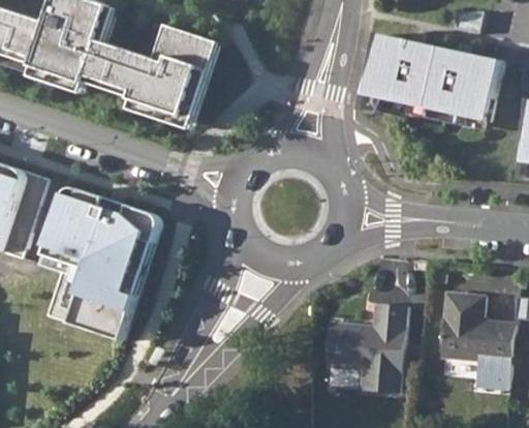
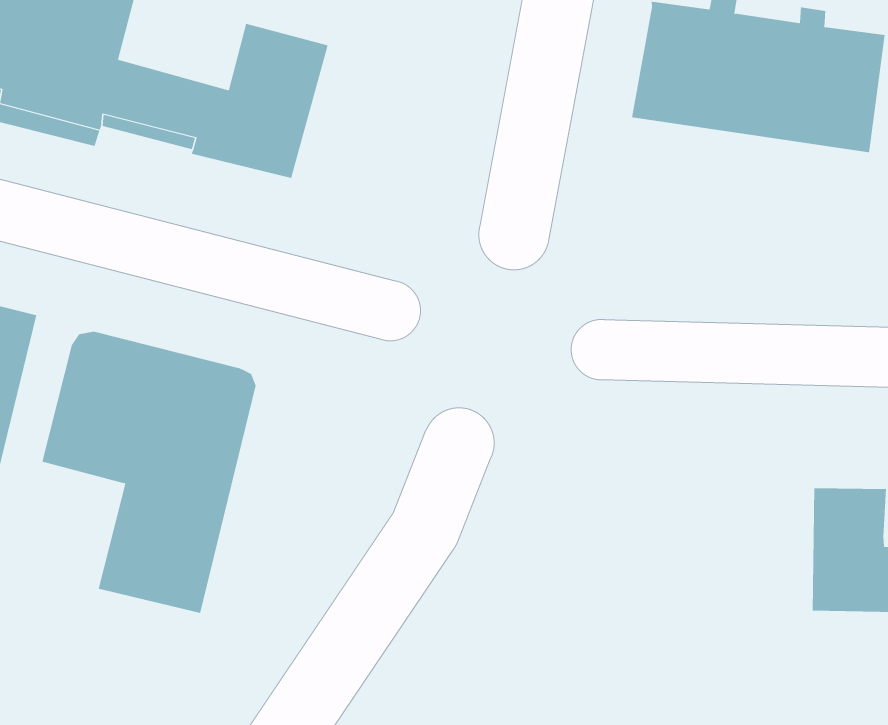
building: [131,47,218,126] -> none
building: [41,253,87,322] -> none
building: [325,306,407,396] -> none

